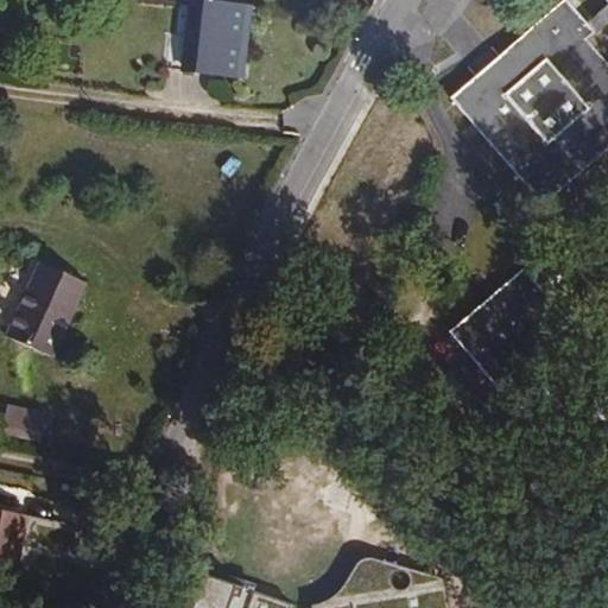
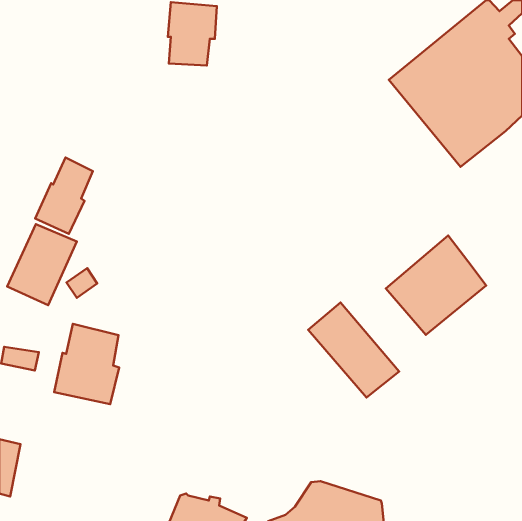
building: none -> [35,157,93,234]
building: none -> [308,303,399,398]
building: none -> [54,324,119,404]

